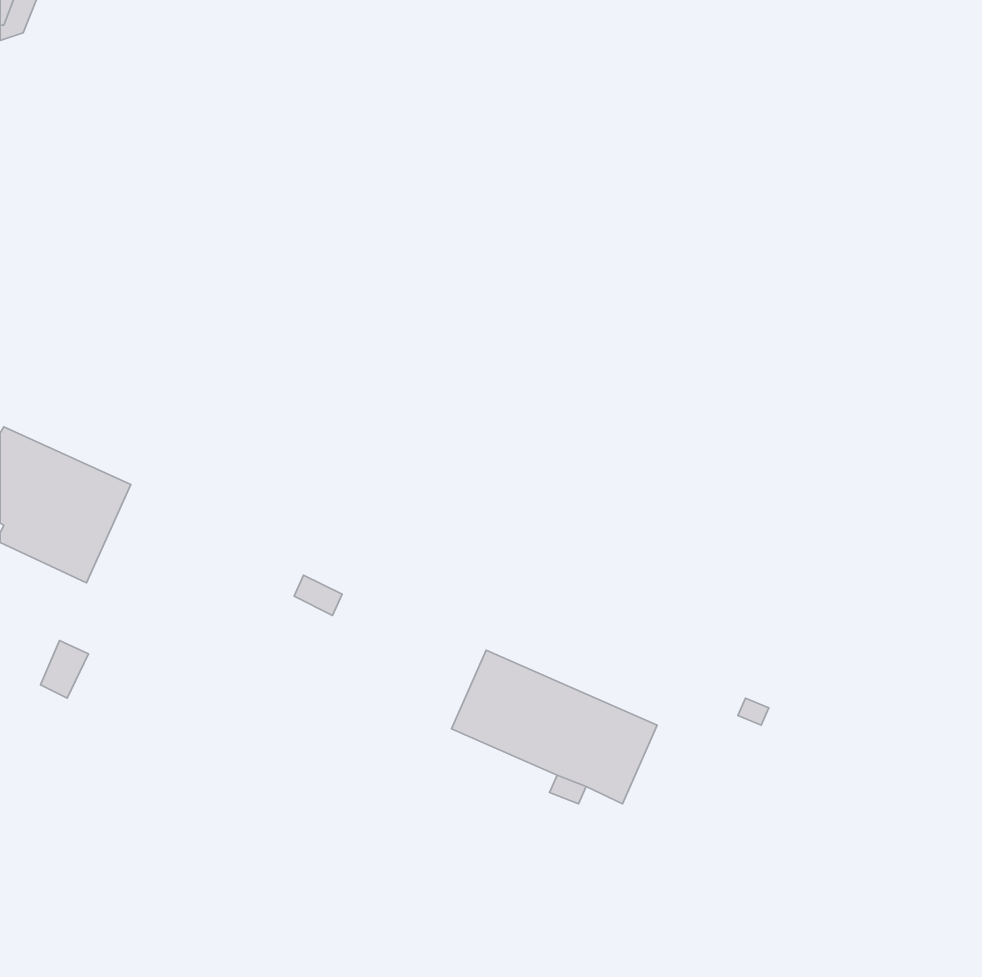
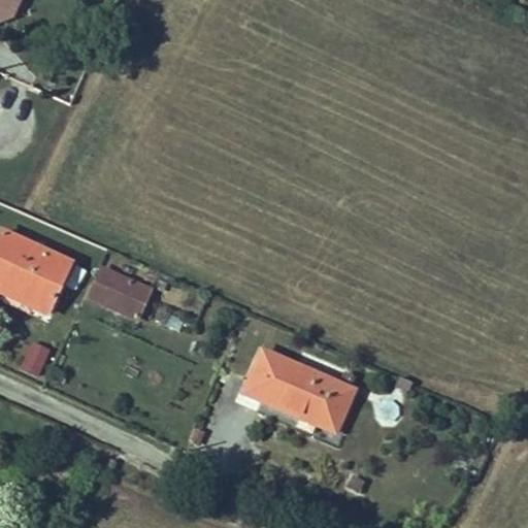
building: none -> [90,267,150,317]

